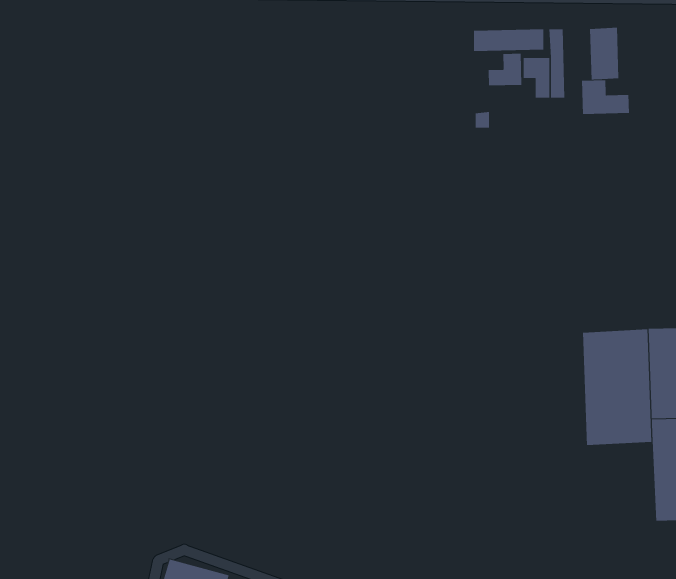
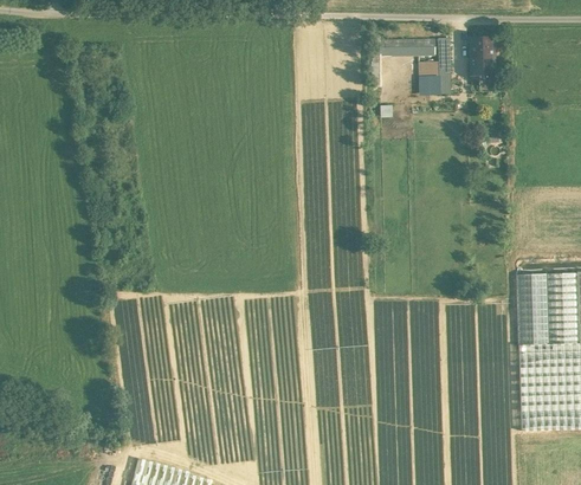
building: [488,53,522,86] -> none
building: [581,80,629,115] -> none
building: [583,329,652,446] -> none

